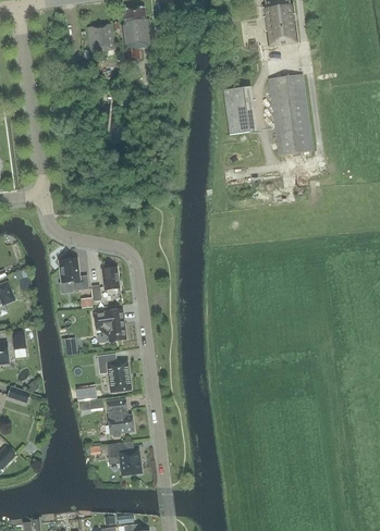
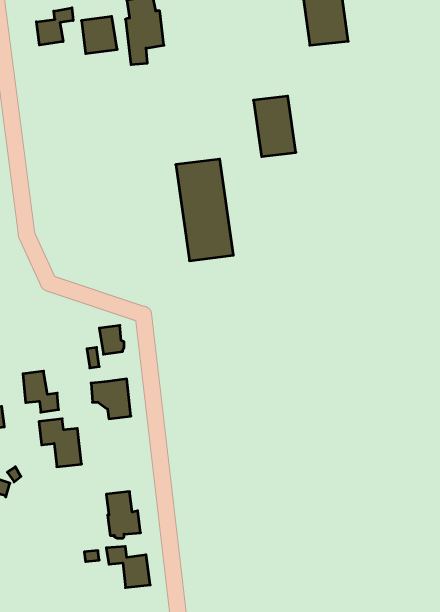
building: none -> [36,8,73,45]
building: [267,74,312,155] -> [176,159,233,261]
building: [59,258,87,291] -> [23,371,59,412]
building: [96,354,130,392] -> [39,419,82,467]

